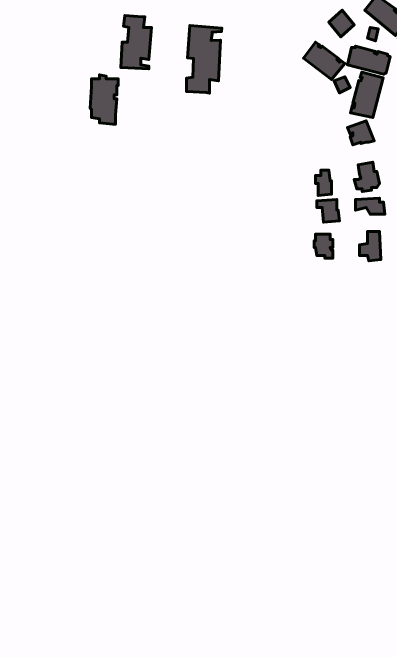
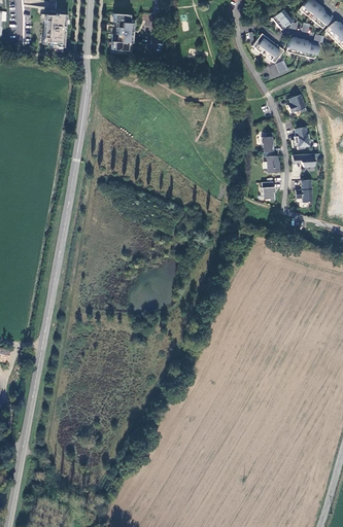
building: [186,26,222,93] -> none
building: [350,72,383,118] -> none
building: [90,75,118,124] -> [46,10,68,48]

